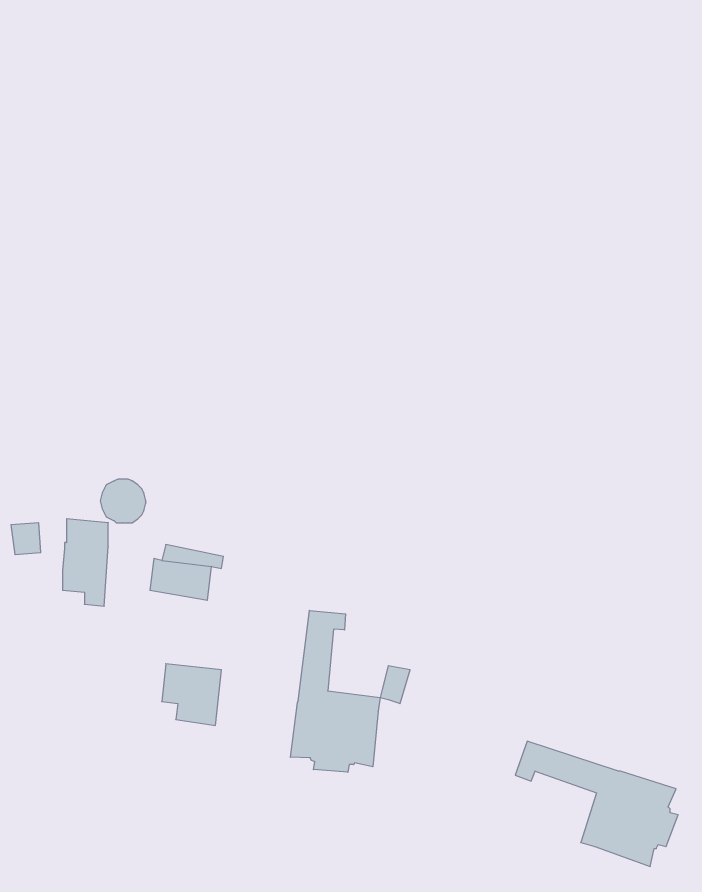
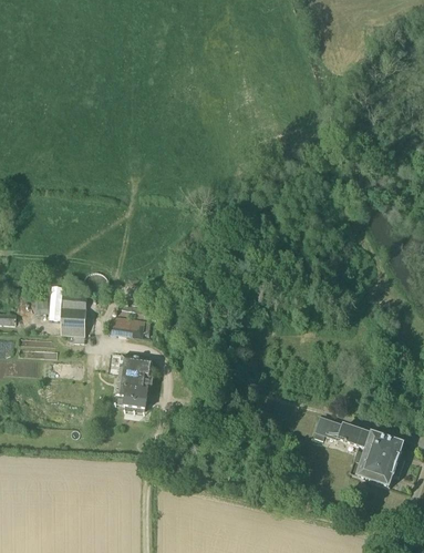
building: [290,610,380,772] -> none
building: none -> [118,355,152,378]

